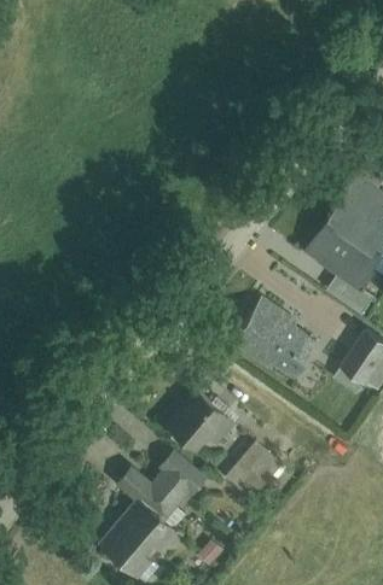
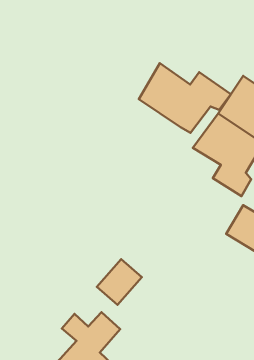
building: none -> [139,63,231,133]
building: [231,296,324,381] -> none
building: [224,438,280,496] -> none

